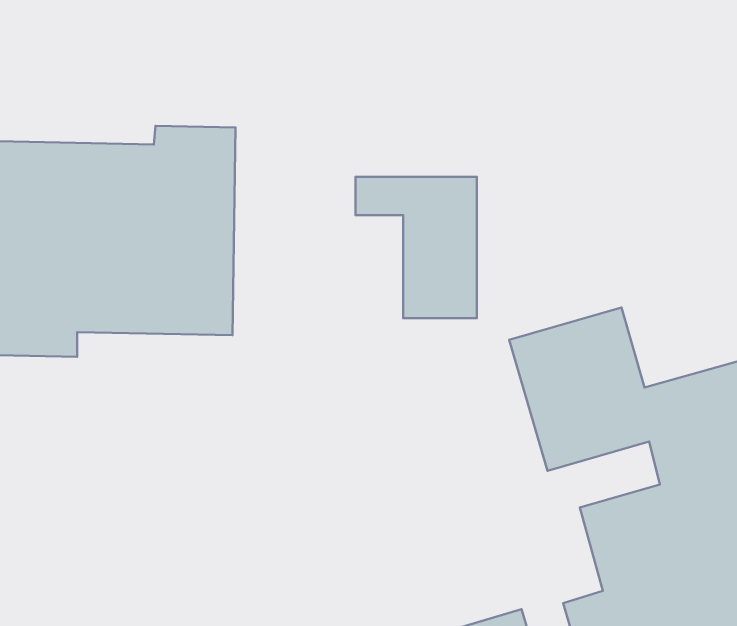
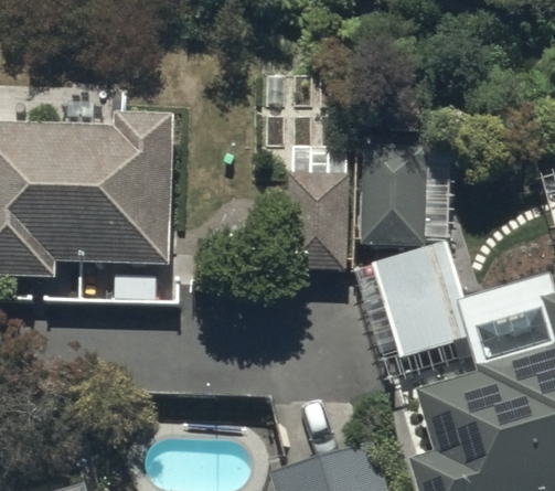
building: none -> [360,146,429,246]

